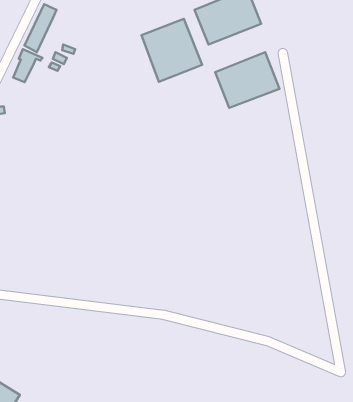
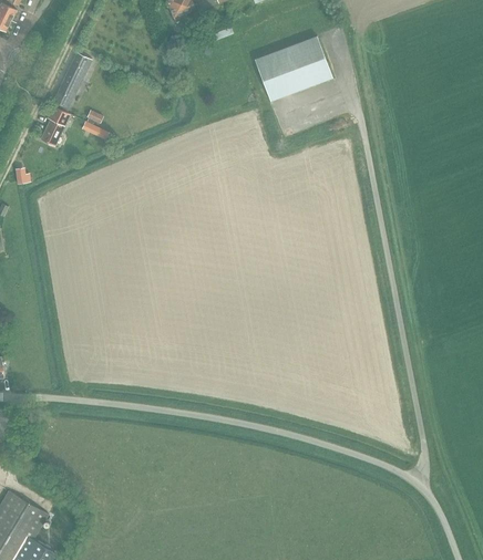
building: [141,19,202,82] -> none
building: [215,52,280,108] -> none

